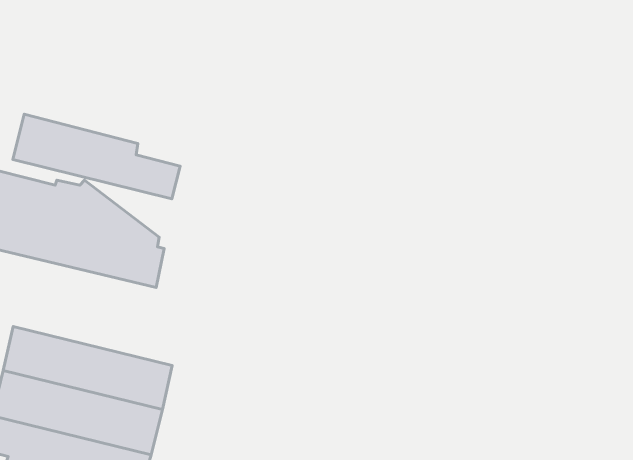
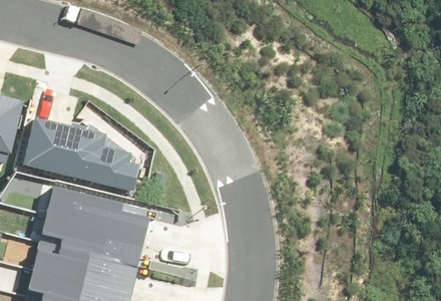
building: [13,114,180,199] -> [45,186,148,238]

